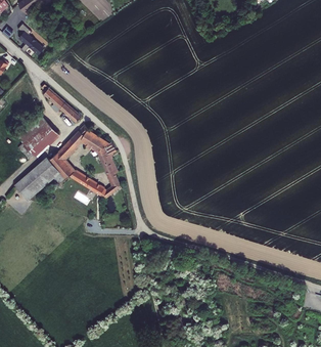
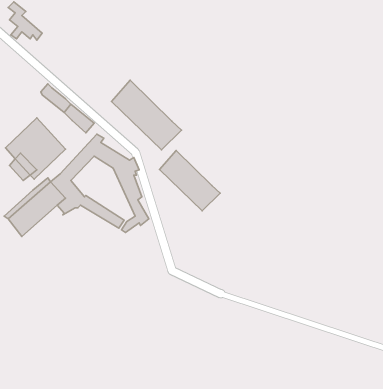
building: none -> [112,80,182,150]
building: none -> [159,150,220,211]

